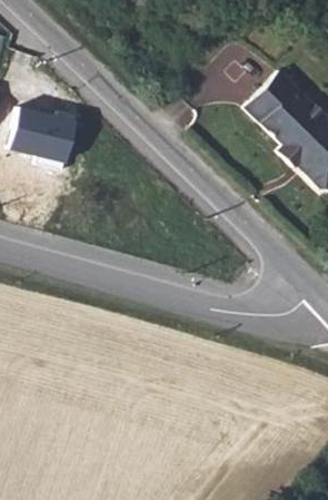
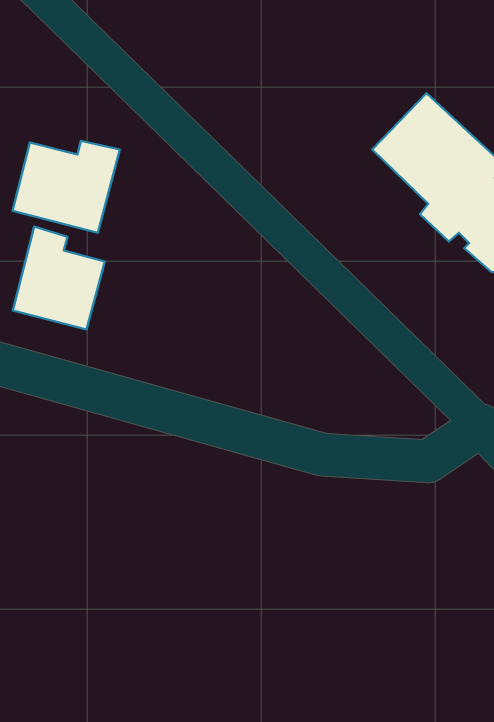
building: none -> [13,226,105,330]

